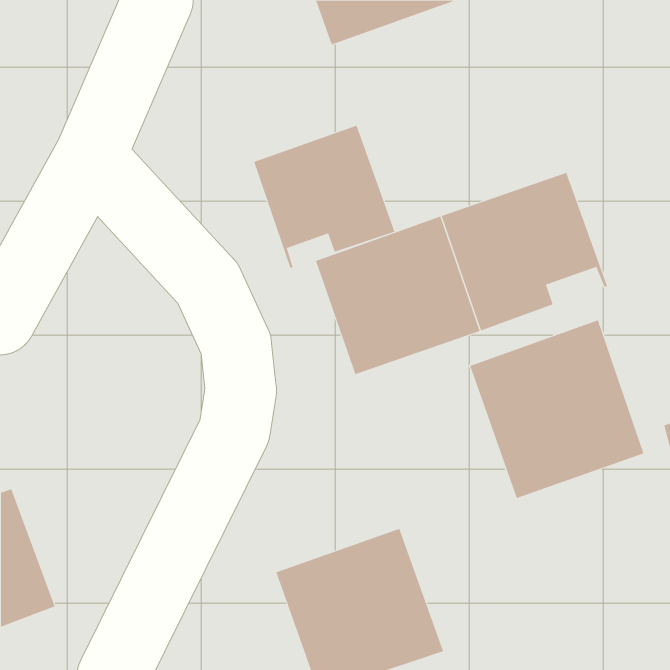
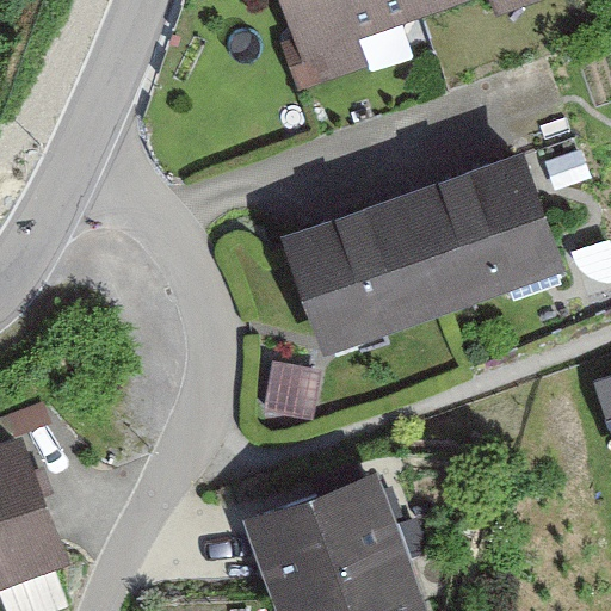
building: [253,125,395,269] -> none
building: [469,320,644,499] -> none

